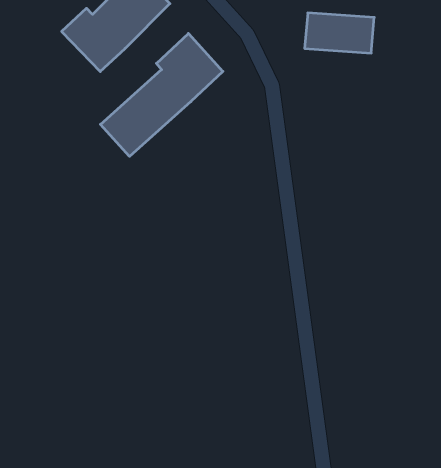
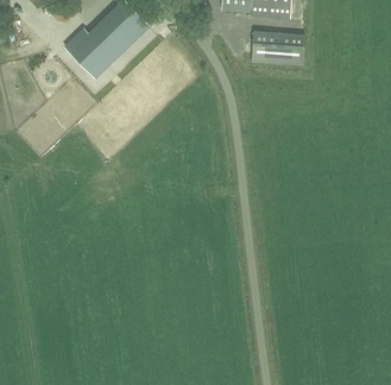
building: [100,33,223,156] -> none

